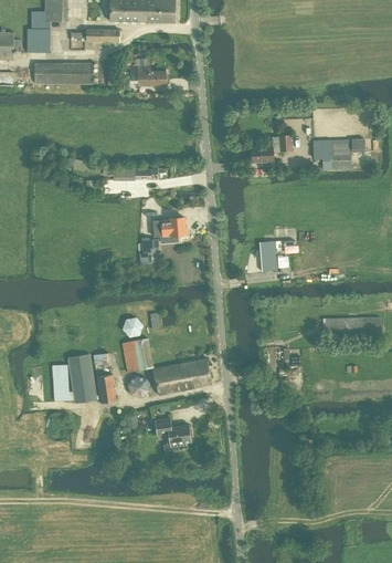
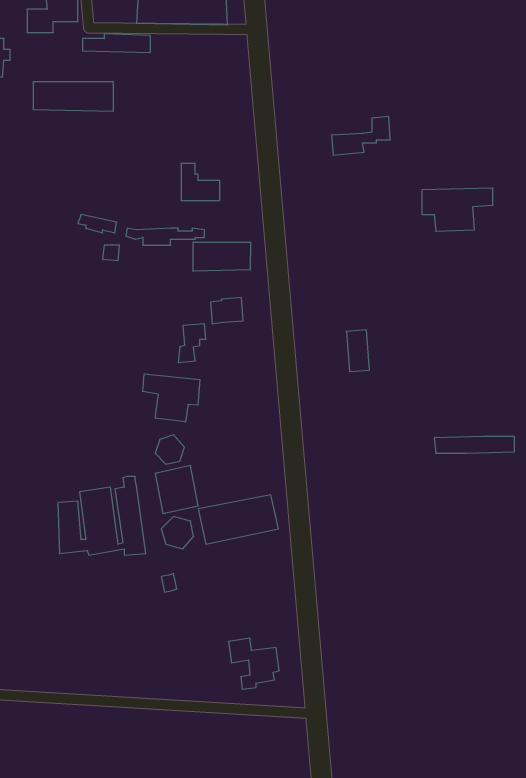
building: [25,27,51,52] -> none
building: [138,58,166,84] -> [181,163,220,200]
building: [251,134,293,161] -> [332,117,390,155]
building: none -> [193,242,251,271]
building: none -> [143,374,200,422]
building: [155,417,191,453] -> [228,638,279,689]

